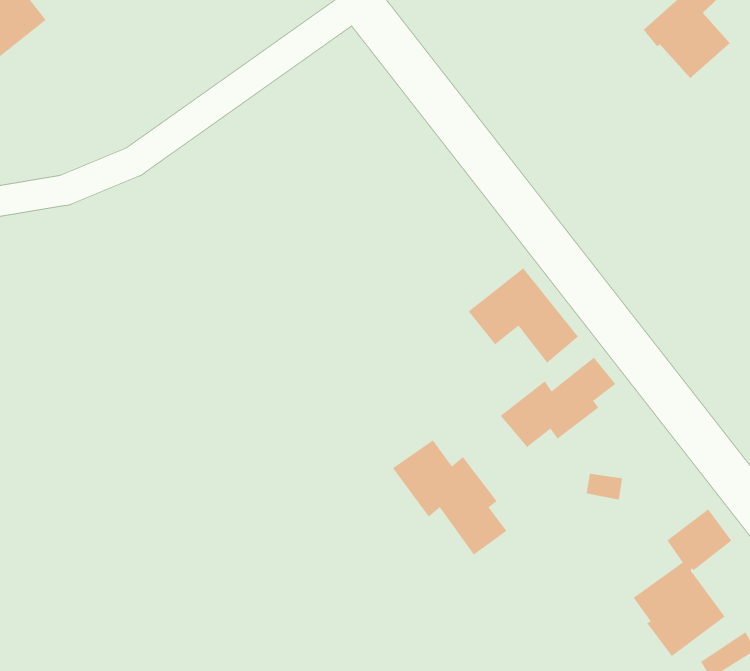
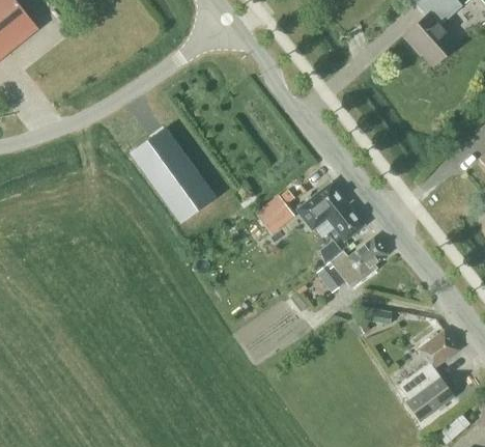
building: none -> [130,129,212,221]
building: none -> [254,194,295,234]
building: [392,439,507,555] -> none

